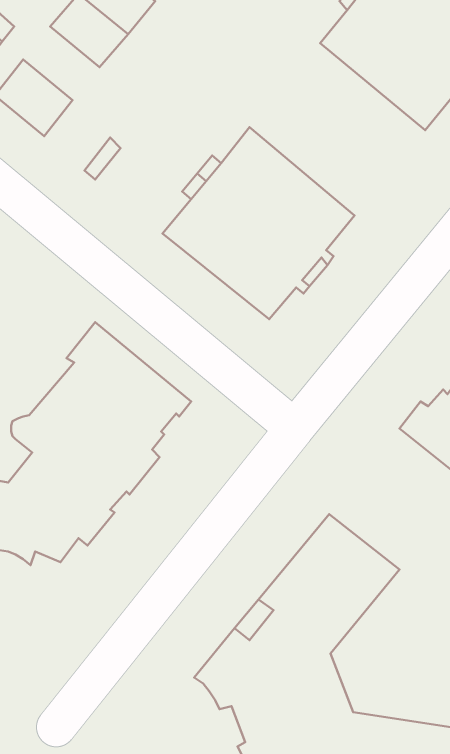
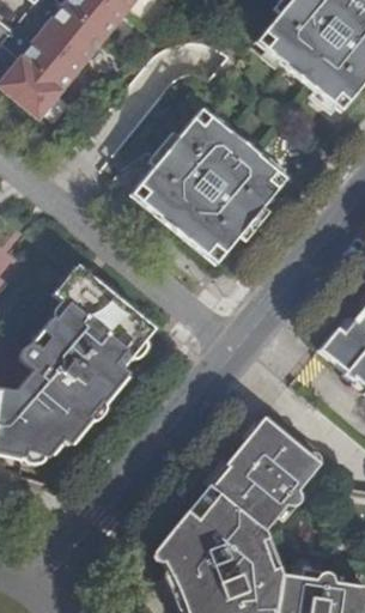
building: none -> [22,29,83,87]

